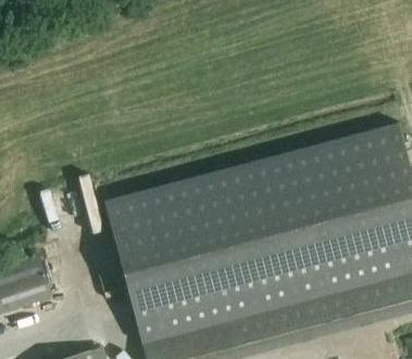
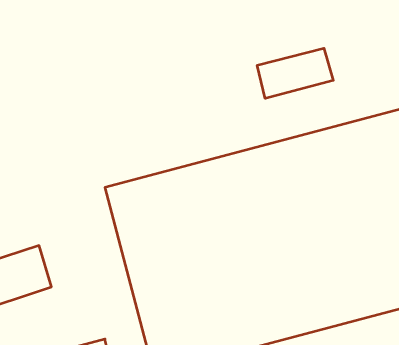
building: none -> [257,48,333,98]

